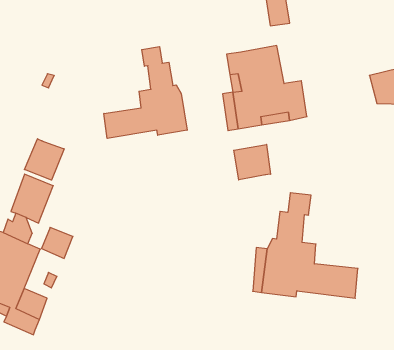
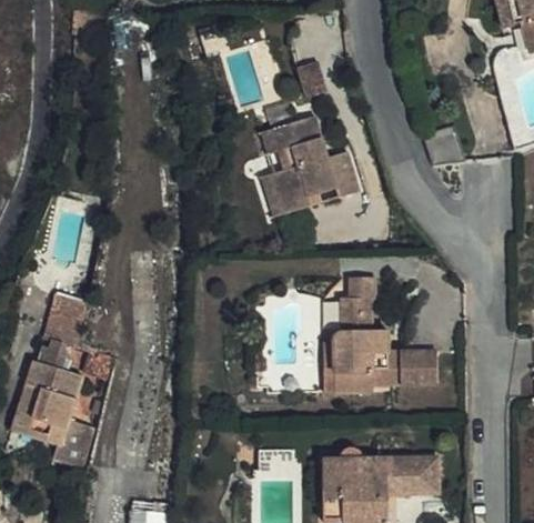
building: [104,47,187,138] -> none
building: [24,139,64,180] -> none
building: [234,144,271,180] -> none

